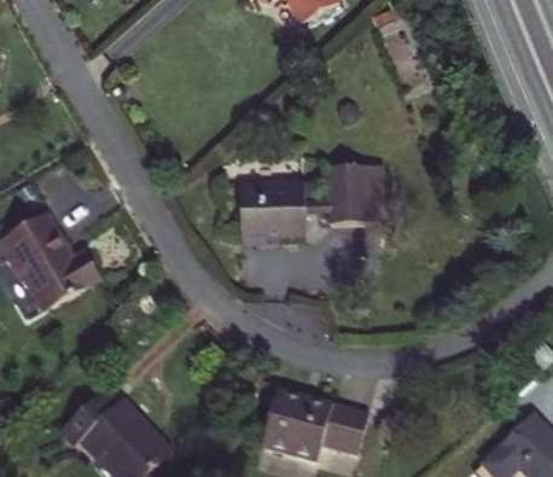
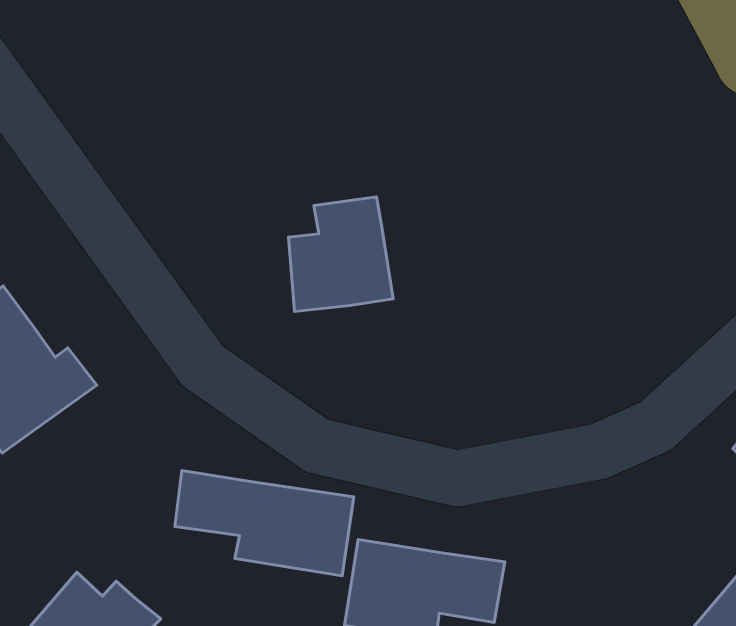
building: [331,162,374,223] -> none
building: none -> [175,471,354,576]

